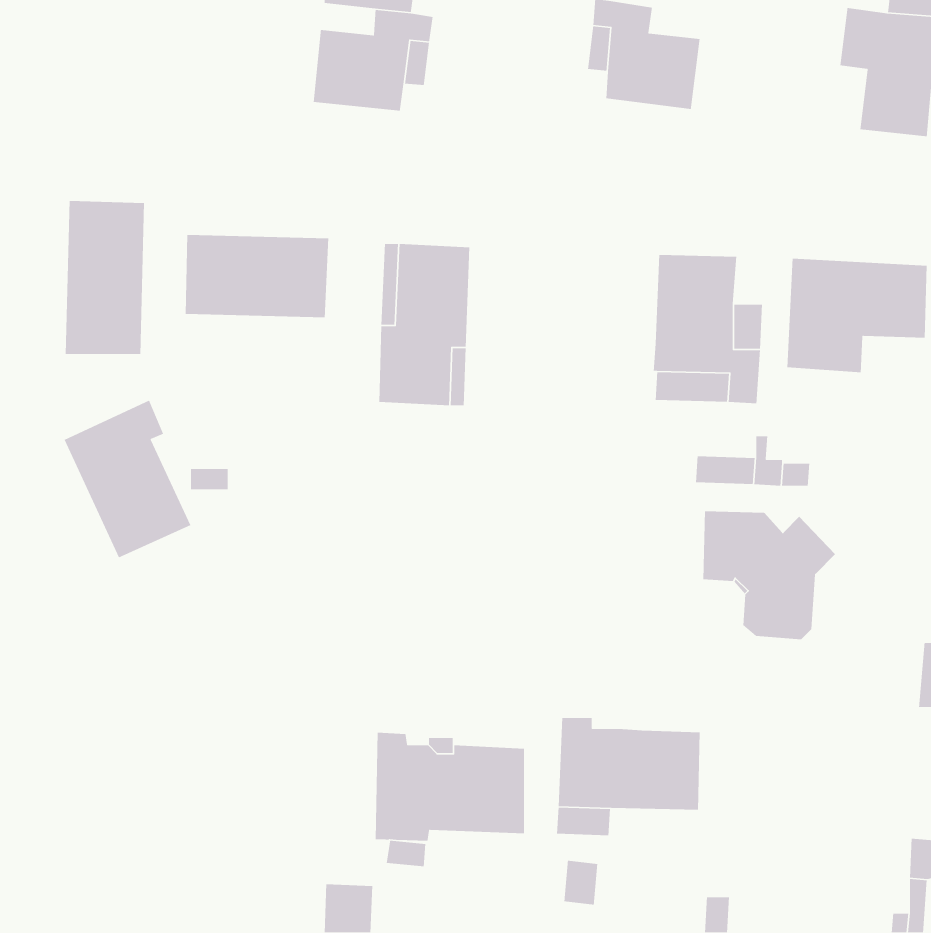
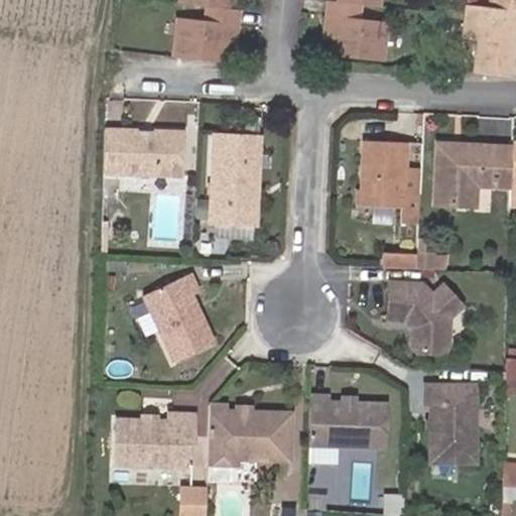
building: [65,200,145,355] -> none
building: [64,399,192,559] -> [144,272,215,360]
building: none -> [425,383,477,462]
building: none -> [116,412,196,467]

